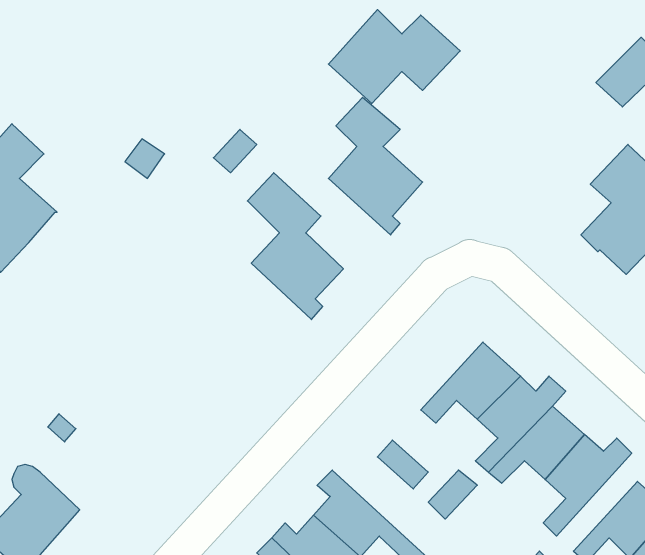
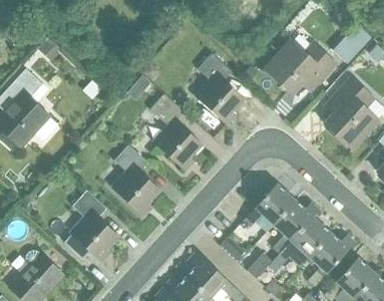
building: [328,10,460,104] -> [267,41,337,91]
building: none -> [111,144,161,217]
building: none -> [65,190,119,262]

